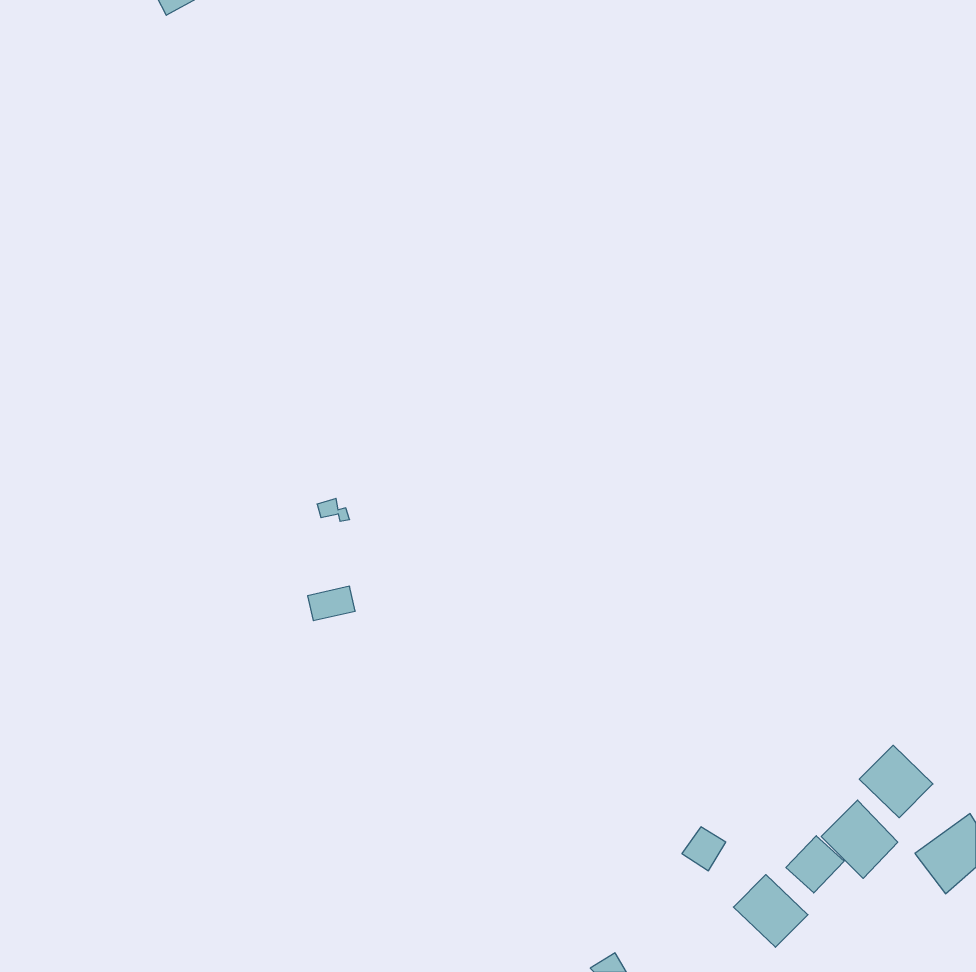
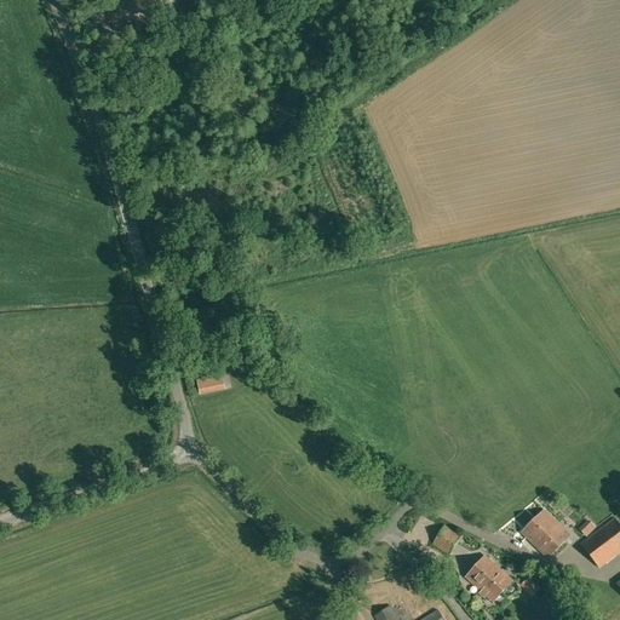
building: [859,745,933,818] -> none
building: [786,836,844,893] -> none

